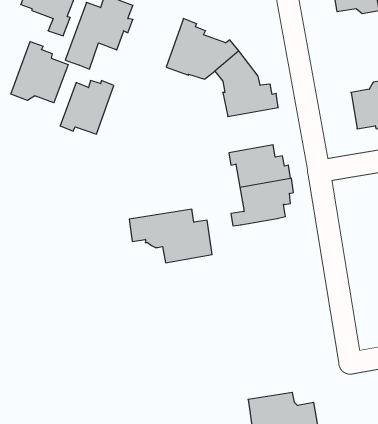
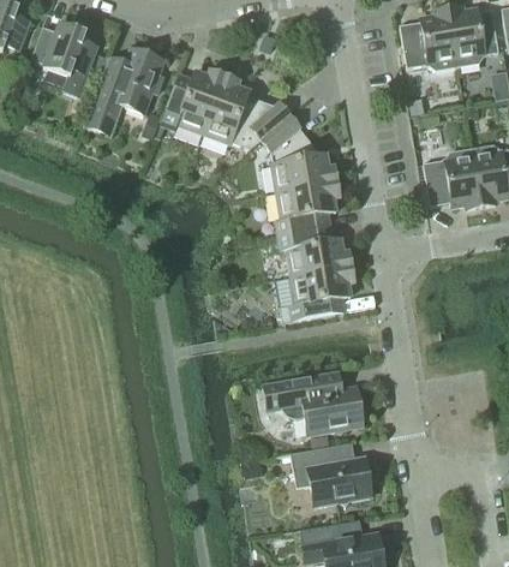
building: [11,42,68,103] -> none
building: [60,81,114,134] -> [161,70,224,133]
building: none -> [276,181,341,235]
building: [129,209,212,263] -> [265,371,364,435]
building: none -> [292,443,372,508]

